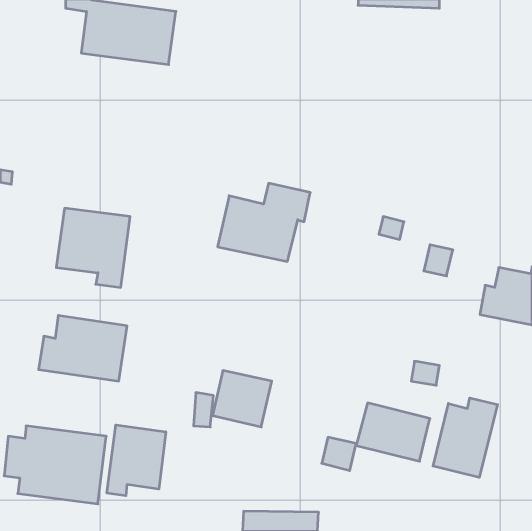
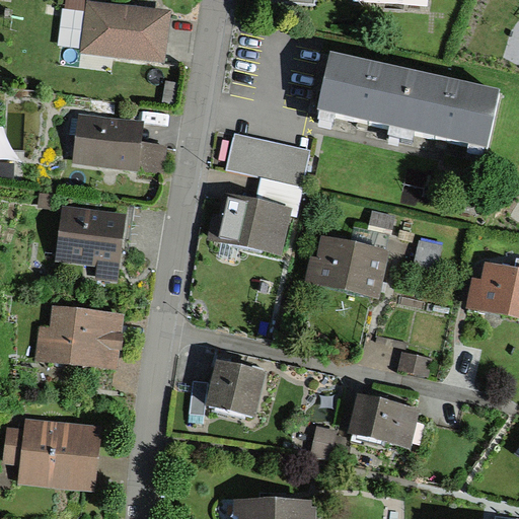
building: none -> [316,55,496,148]
building: none -> [71,113,163,175]
building: none -> [226,133,311,188]
building: none -> [305,233,389,297]
building: [433,398,498,477] -> none
building: [107,425,166,496] -> none

